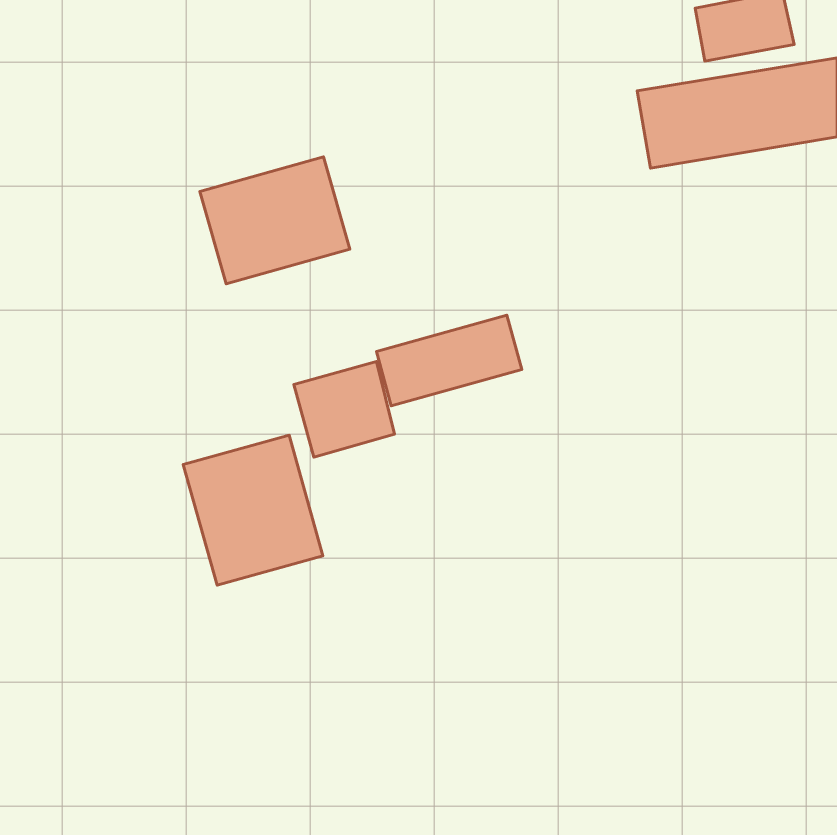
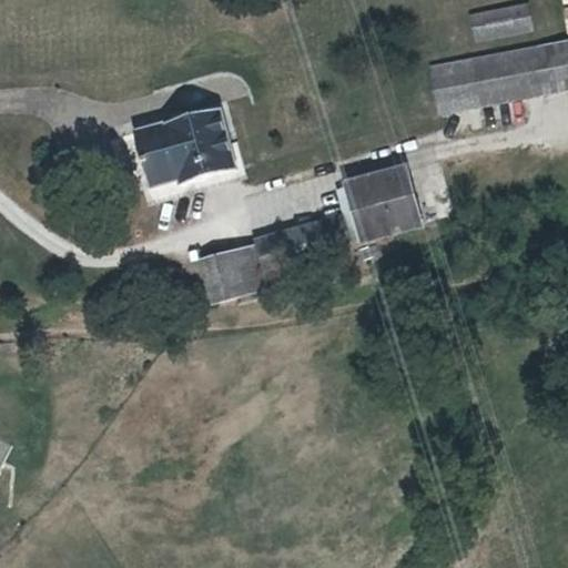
building: none -> [343,161,426,245]
building: [183,435,323,585] -> none

